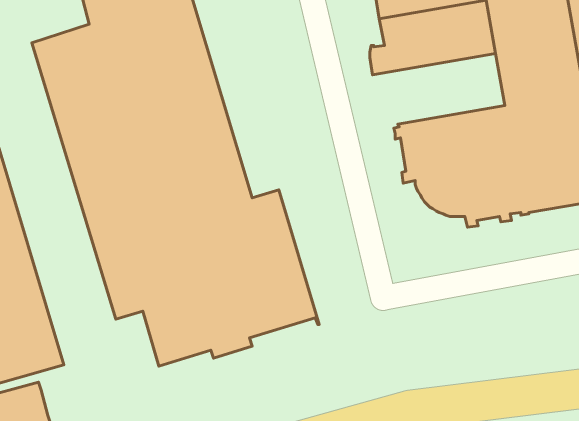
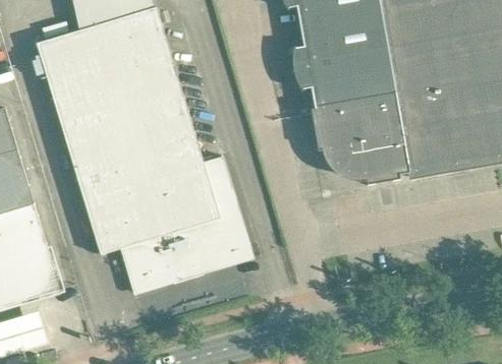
building: none -> [294,54,395,108]

